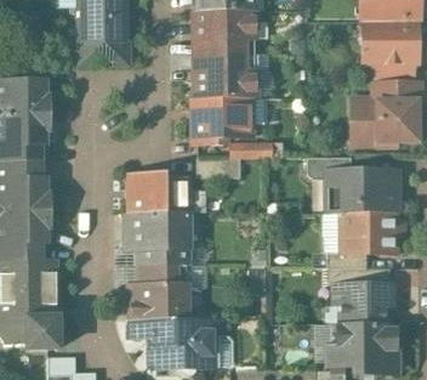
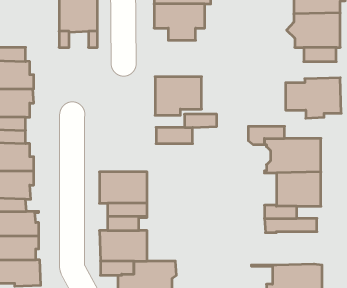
building: [195,55,255,98] -> none
building: [375,80,417,101] -> none
building: [129,172,187,212] -> none
building: [341,284,395,324] -> none

